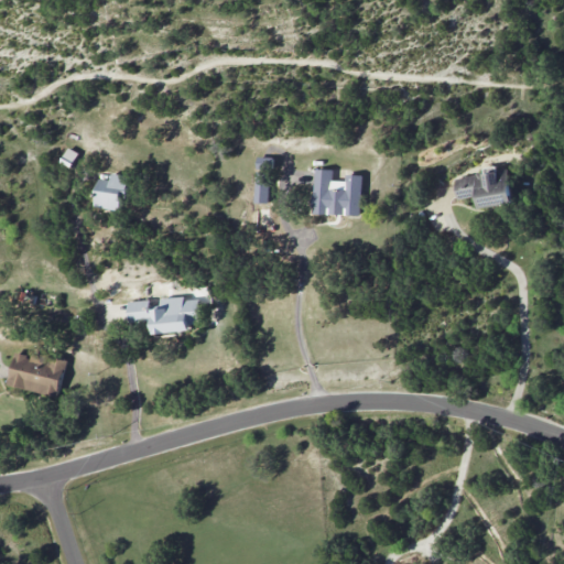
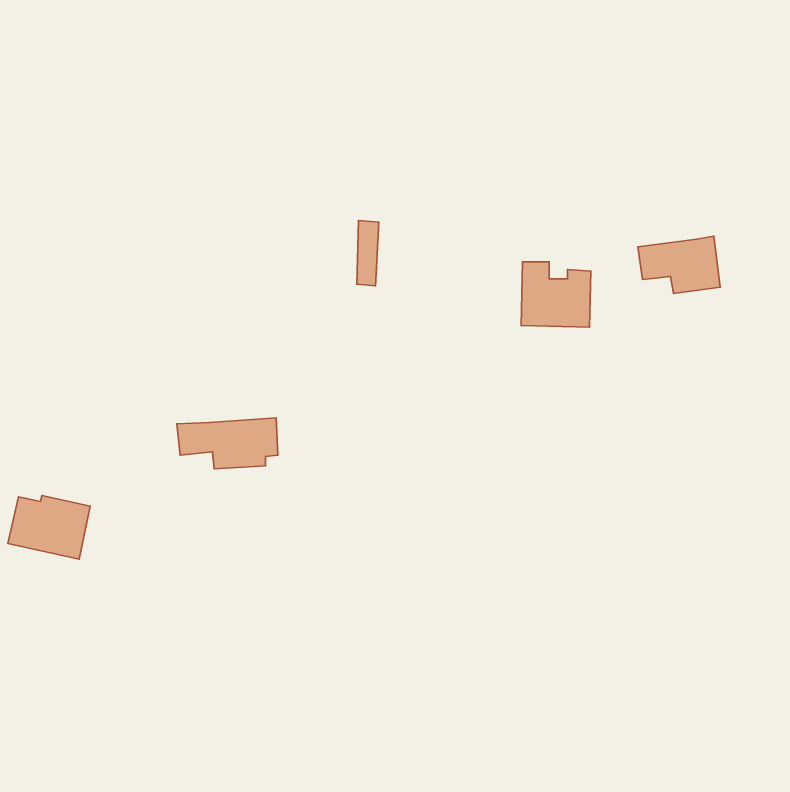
building: [311,170,360,216] -> [521,262,591,327]
building: [95,174,124,212] -> none

